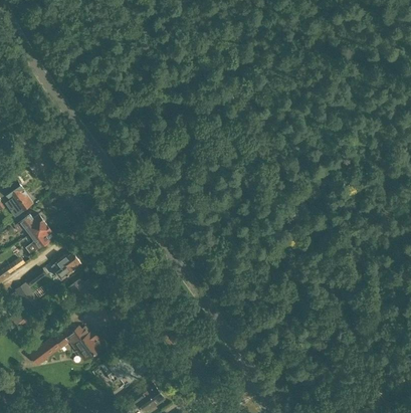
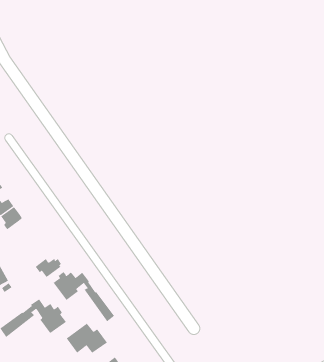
building: [52,254,81,280] -> none
building: none -> [53,271,115,322]

